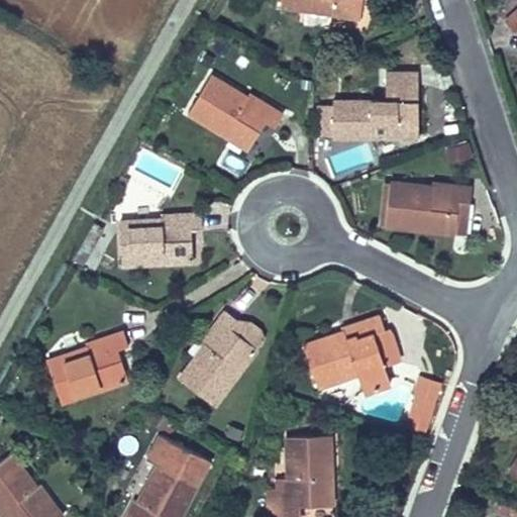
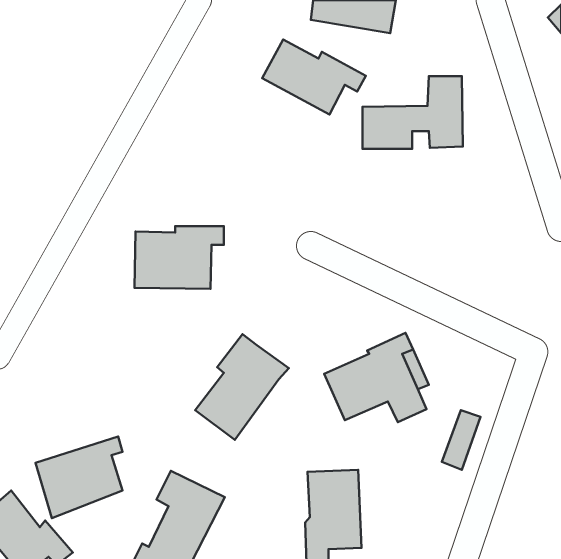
building: [191,81,286,149] -> [262,40,366,115]
building: [385,181,473,239] -> none
building: [46,329,126,404] -> [35,436,122,518]

